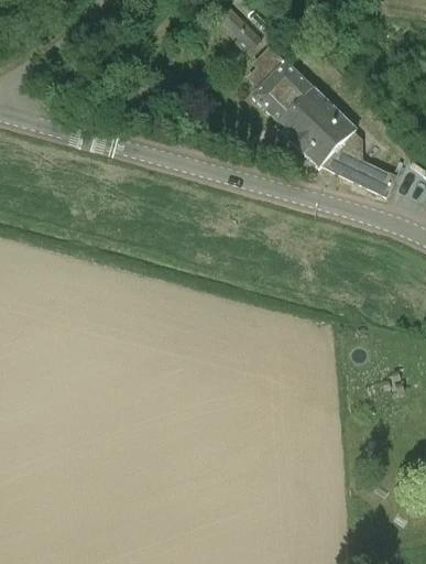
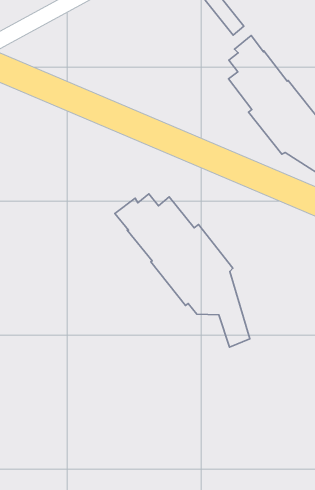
building: none -> [115,194,250,347]

